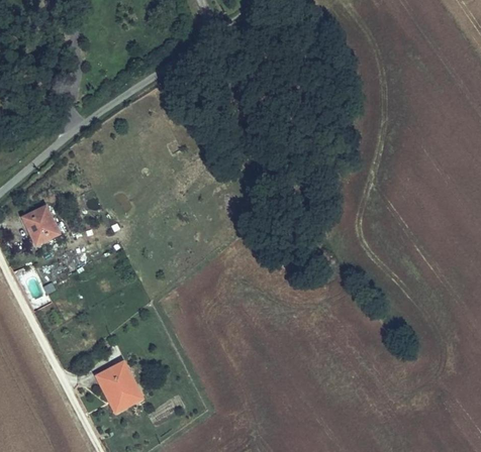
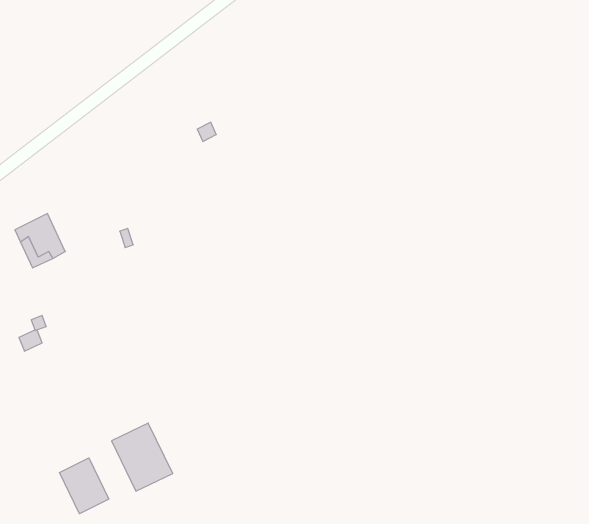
building: none -> [59,458,109,514]

